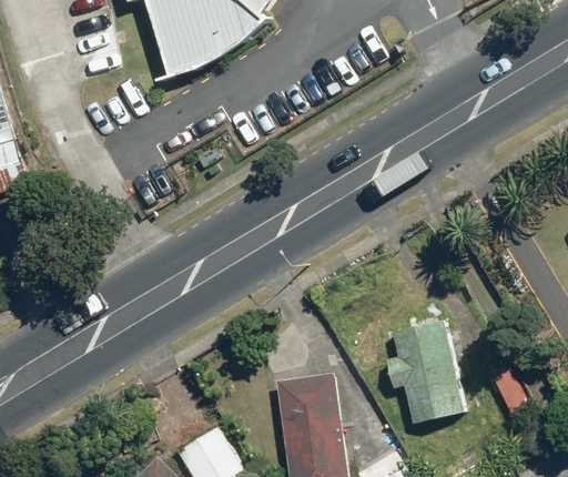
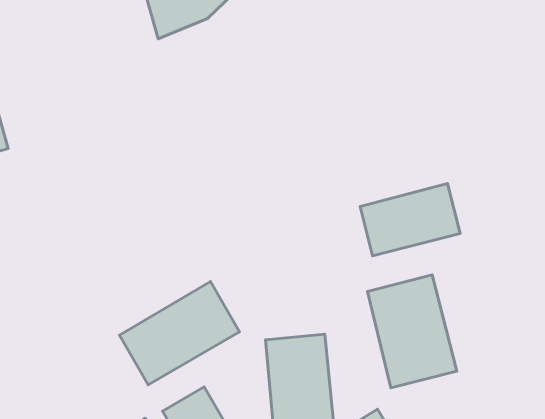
building: none -> [360,184,460,256]
building: none -> [120,282,240,385]

